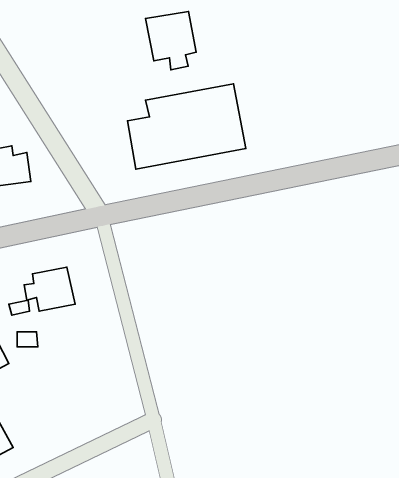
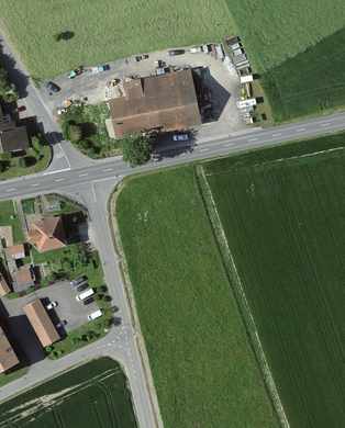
building: [146,11,196,70] -> none
building: none -> [24,300,62,348]

